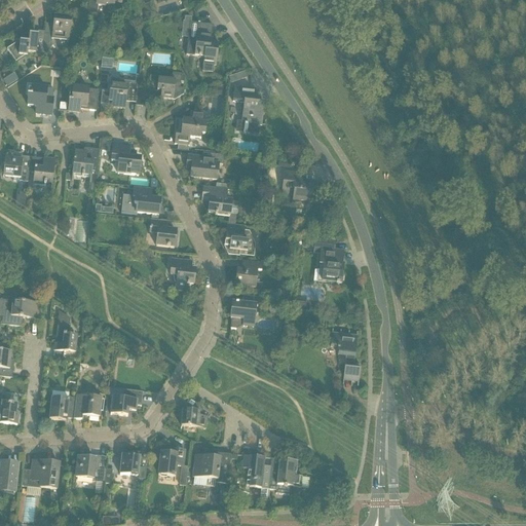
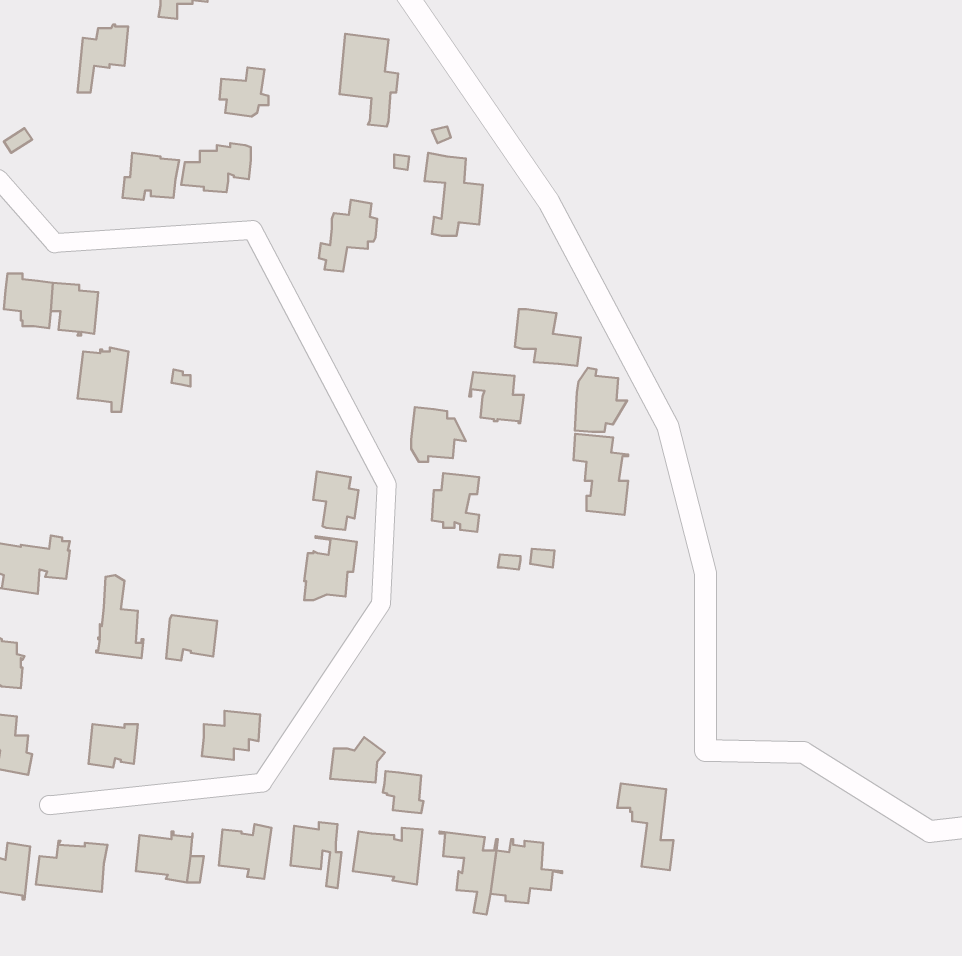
building: [6,21,45,60] -> none
building: [156,70,183,97] -> [219,68,268,117]
building: [27,84,52,112] -> none
building: [110,144,139,173] -> none
building: [71,145,99,180] -> [78,348,129,412]
building: [186,150,222,177] -> none
building: [119,184,159,213] -> none
building: [200,185,230,213] -> [469,372,524,423]
building: none -> [575,368,627,432]
building: [149,217,175,246] -> none
building: [230,292,259,327] -> [304,536,357,600]
building: [329,331,360,378] -> [617,783,674,870]
building: [73,392,101,417] -> [166,615,217,660]
building: none -> [383,771,424,813]

